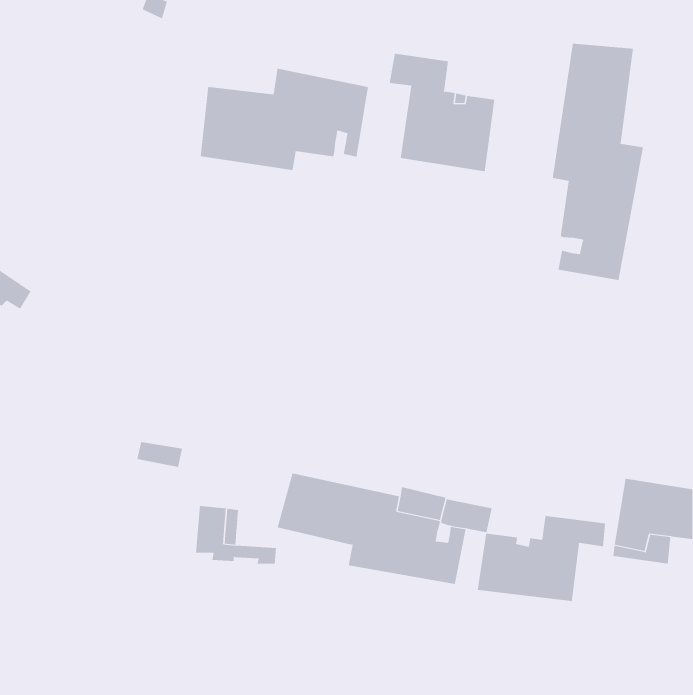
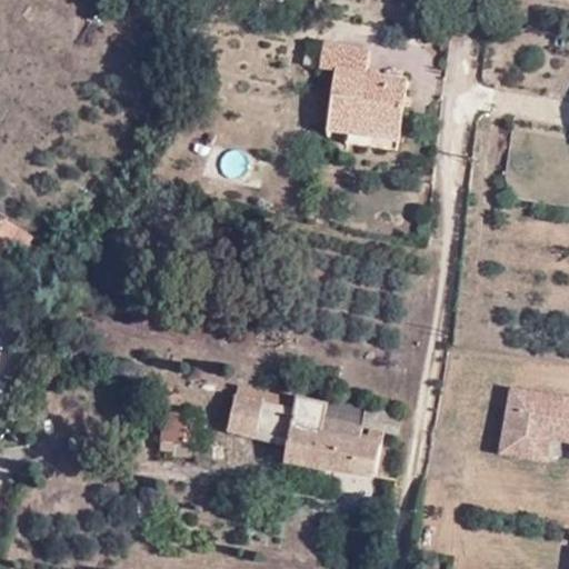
building: [552,43,643,281] -> none
building: [200,68,369,171] -> none
building: [477,515,605,602] -> none

